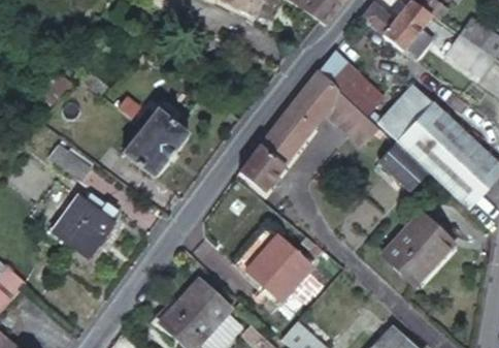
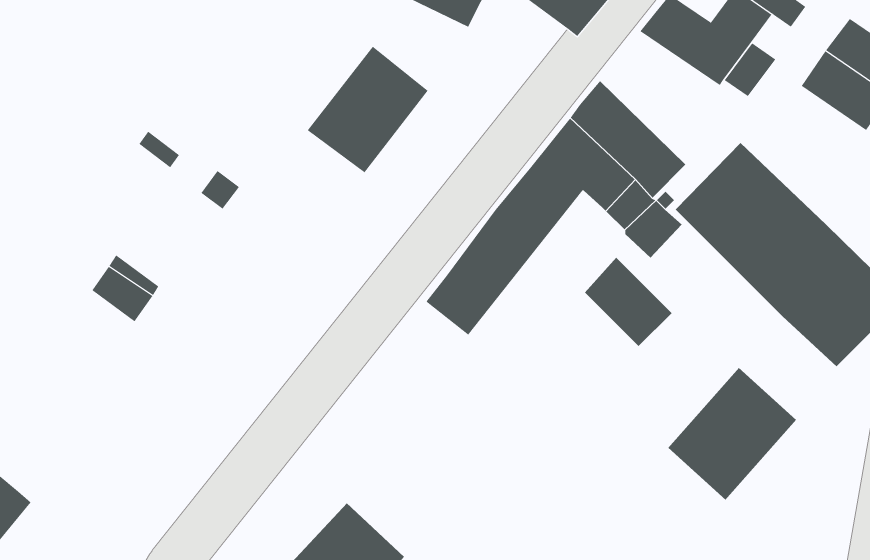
building: [122,108,189,179] -> [307,46,429,173]
building: [380,144,429,193] -> [584,257,672,347]
building: [57,195,120,259] -> none
building: [251,236,313,302] -> none

